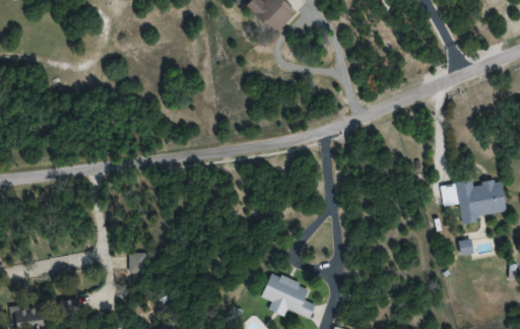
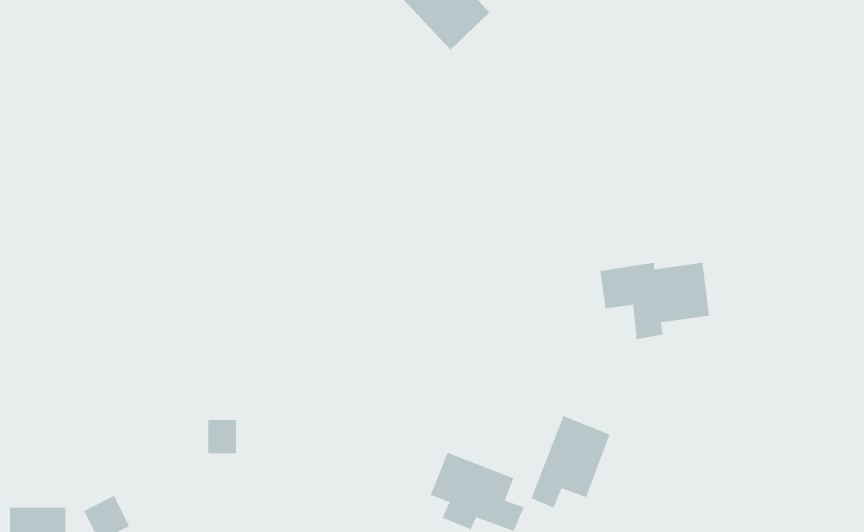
building: [440,180,505,225] -> [600,262,710,340]
building: none -> [531,415,610,509]

